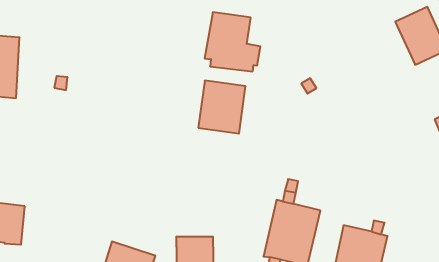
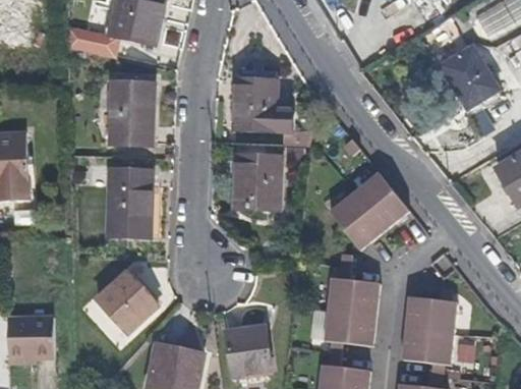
building: none -> [110,82,156,146]
building: none -> [107,169,153,236]
building: none -> [329,171,410,251]
building: none -> [97,271,159,334]

